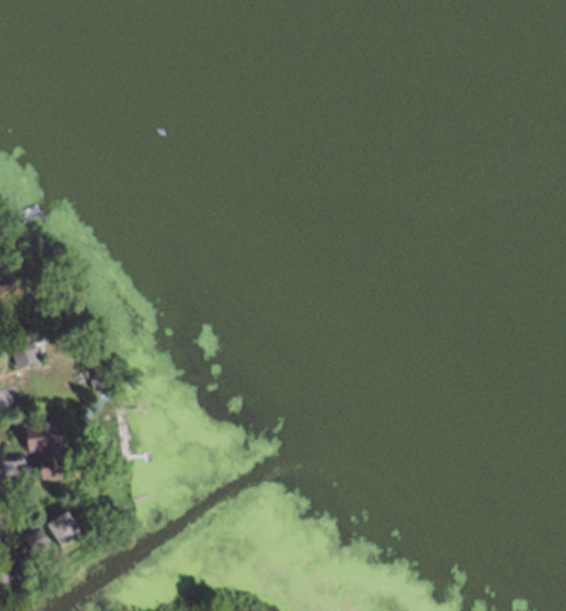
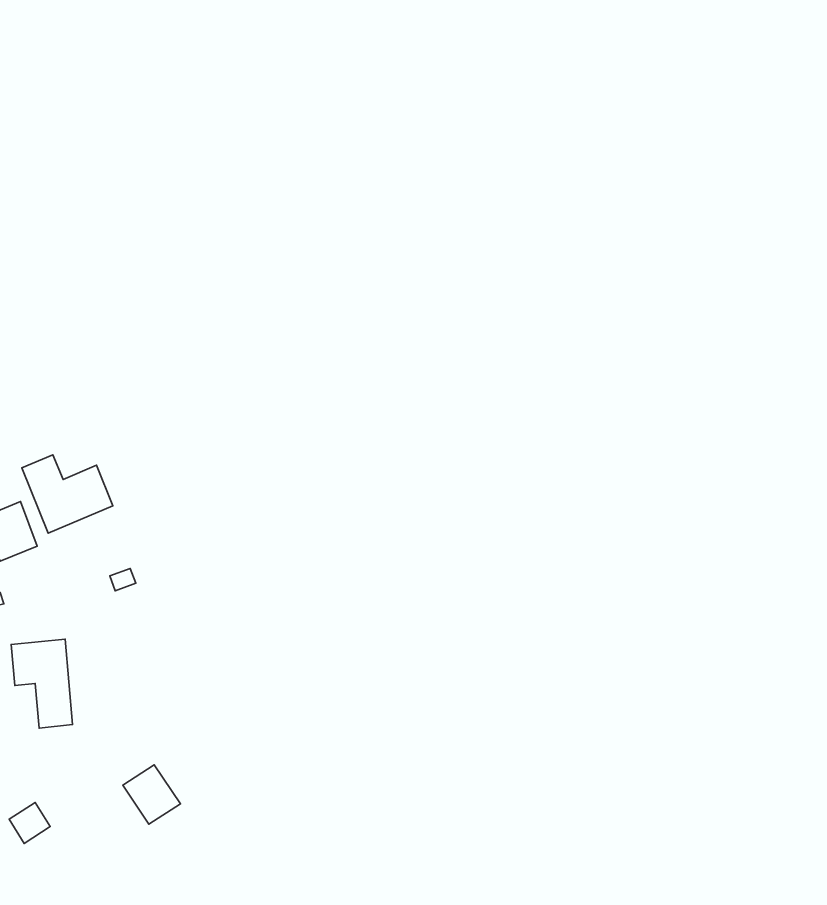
building: none -> [22,455,113,533]
building: [46,511,83,549] -> [123,765,180,824]

